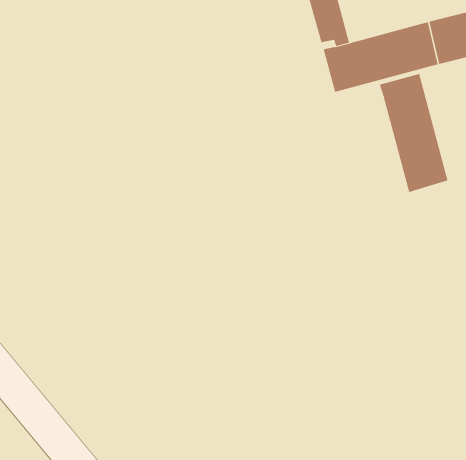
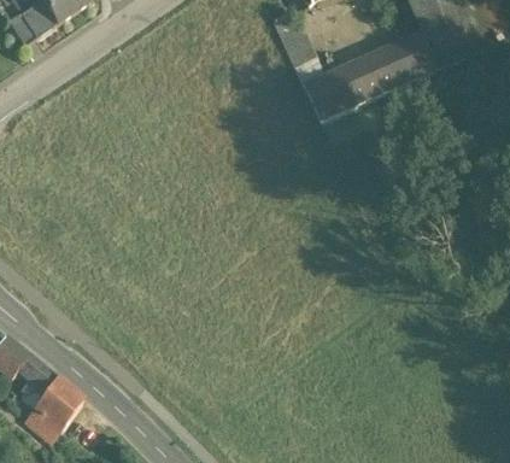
building: [379,73,448,193] -> none

